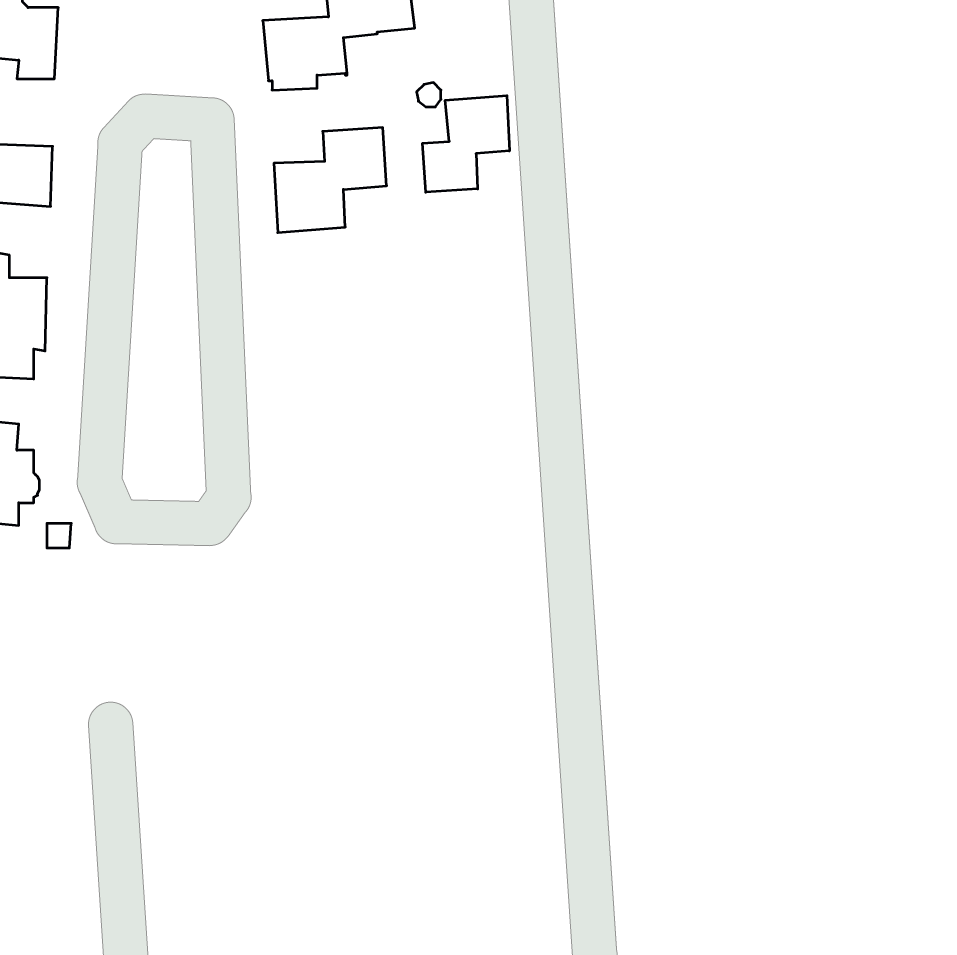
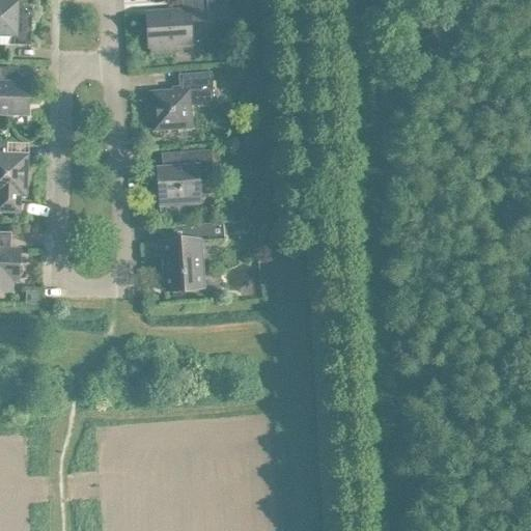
building: [423,96,509,192] -> none
building: none -> [157,148,214,204]
building: none -> [162,221,224,291]

